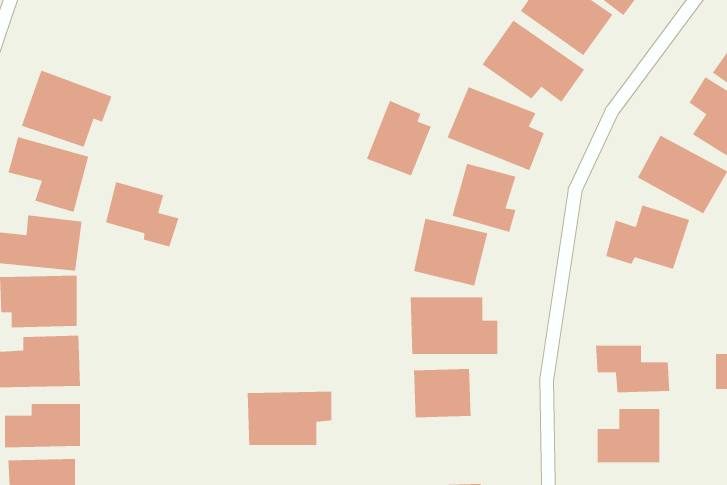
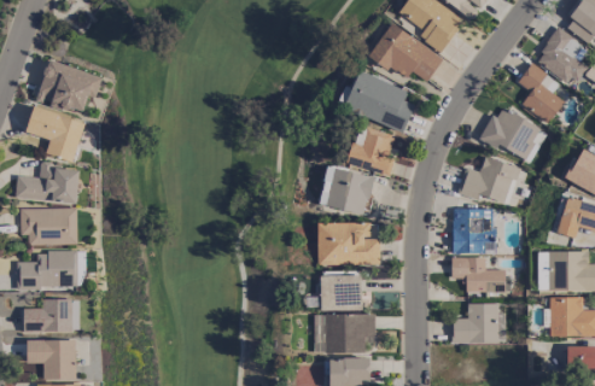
building: [366,100,432,177] -> none
building: [105,181,180,247] -> none
building: none -> [453,207,496,252]
building: [247,391,332,446] -> [314,312,375,352]

